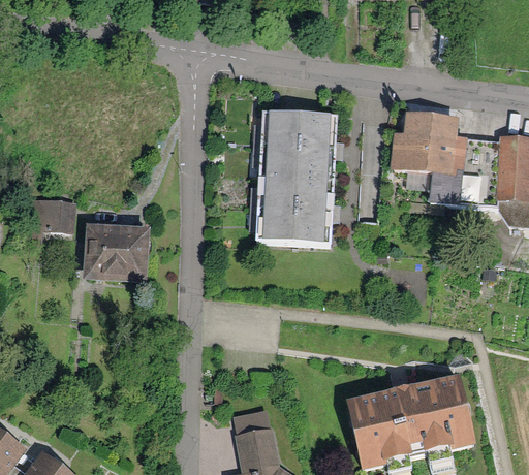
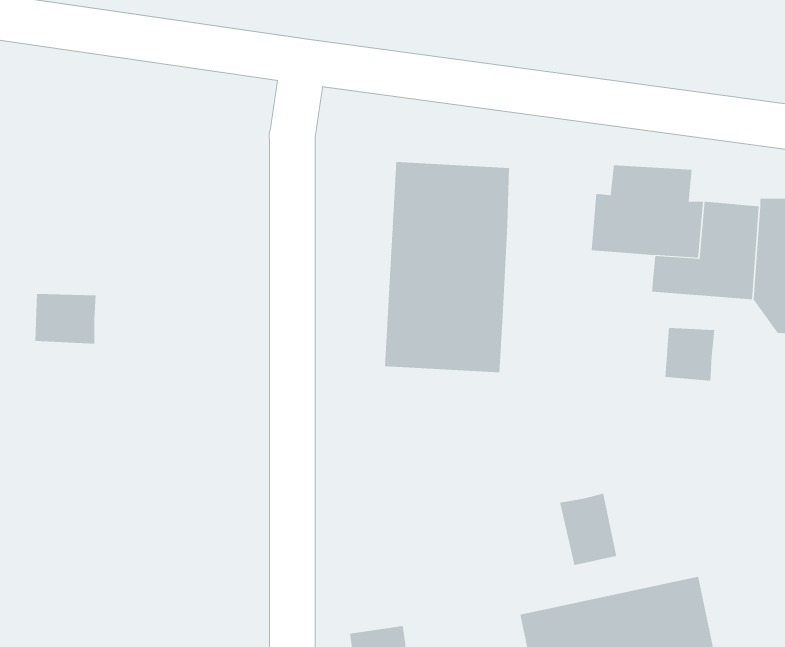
building: none -> [665,327,715,381]
building: [82,224,146,282] -> none
building: none -> [560,493,617,566]

